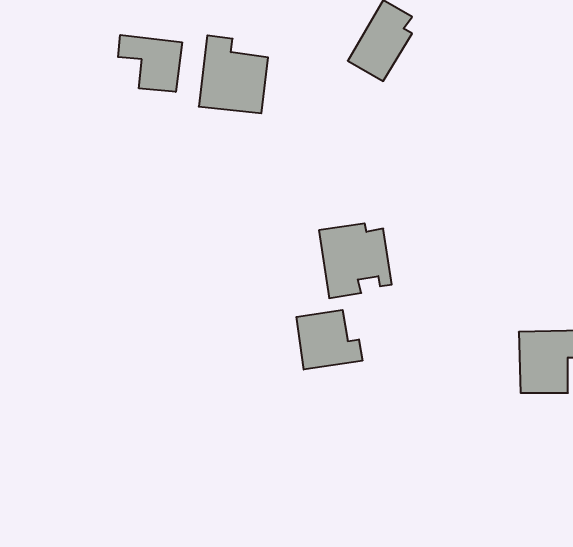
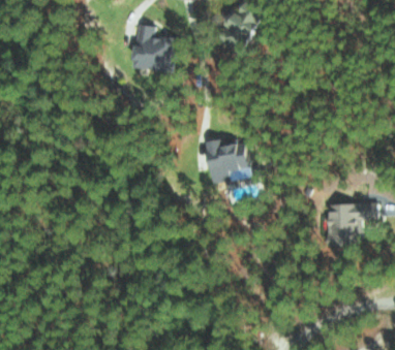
building: [118,35,182,92] -> none
building: [296,310,362,370] -> none

